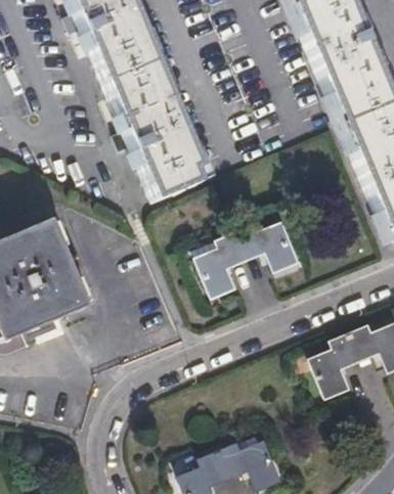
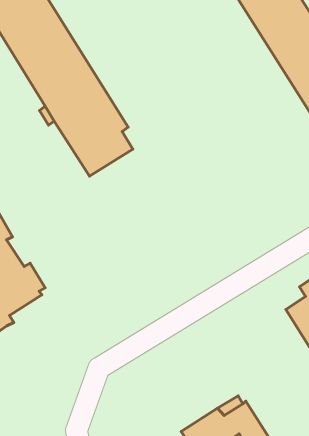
building: [195,220,301,297] -> none

